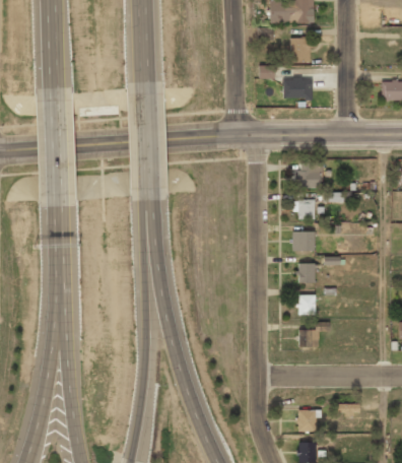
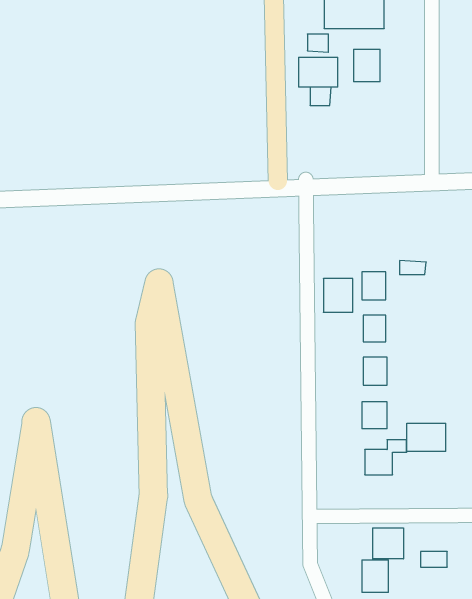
building: [283,78,312,100] -> [299,57,338,87]
building: [300,162,322,187] -> [323,279,353,312]
building: none -> [407,423,446,451]
building: none -> [373,528,403,559]

